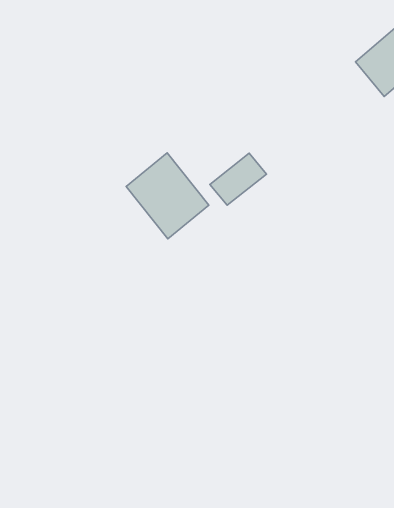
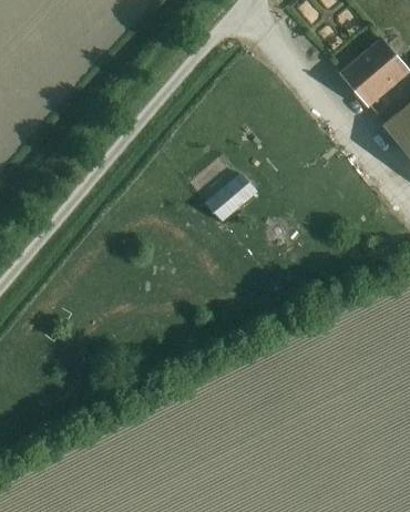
building: [126,153,209,239] -> none

